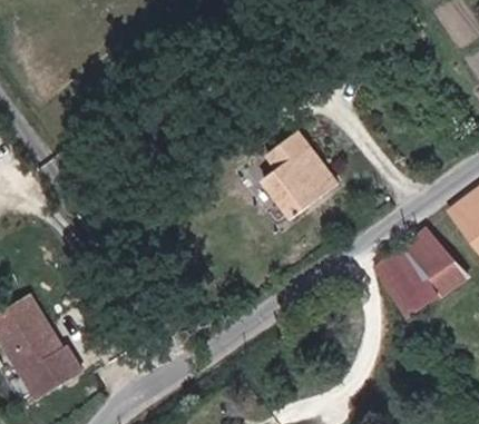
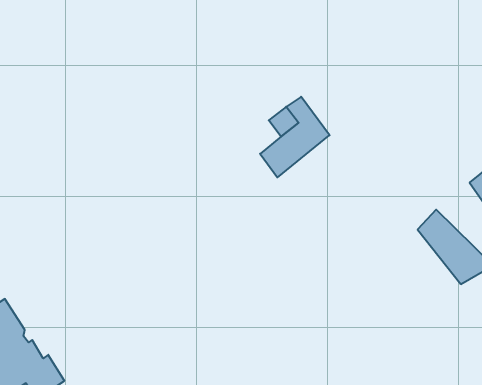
building: [281,162,342,217] -> none
building: [378,247,446,316] -> none

